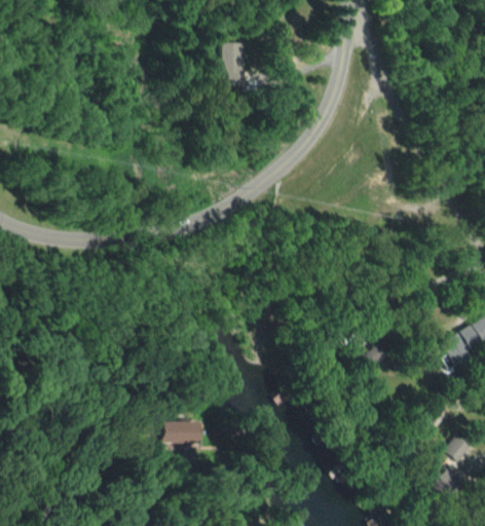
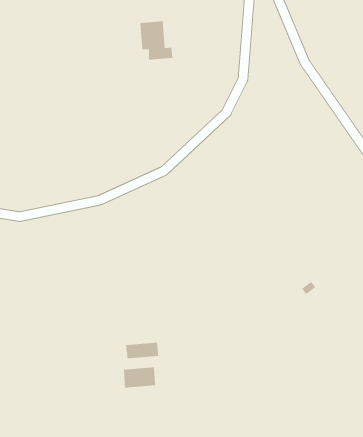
building: none -> [126,342,159,359]

